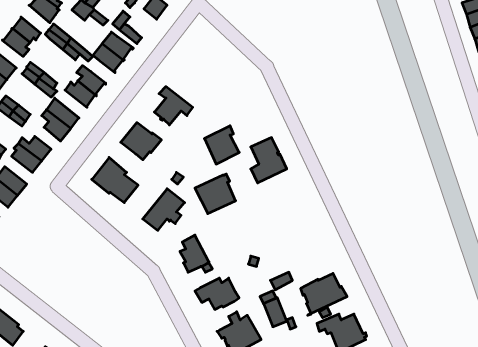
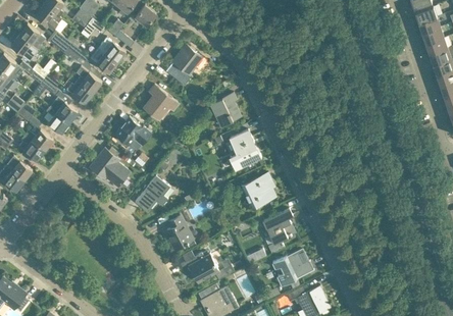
building: none -> [166,45,205,86]
building: [204,126,239,164] -> [210,93,241,126]
building: [195,174,236,214] -> [240,173,275,208]
building: none -> [262,209,295,244]

